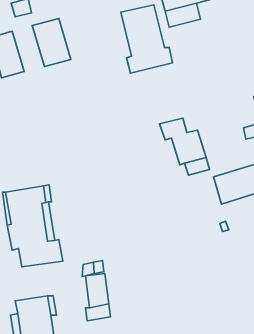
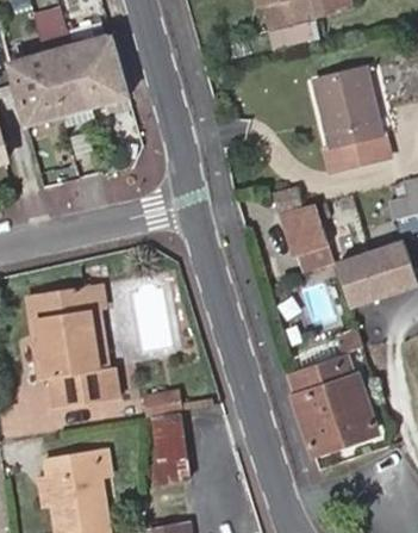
building: [121,5,172,73] -> [313,68,389,169]
building: none -> [43,47,91,114]
building: none -> [288,357,374,452]

